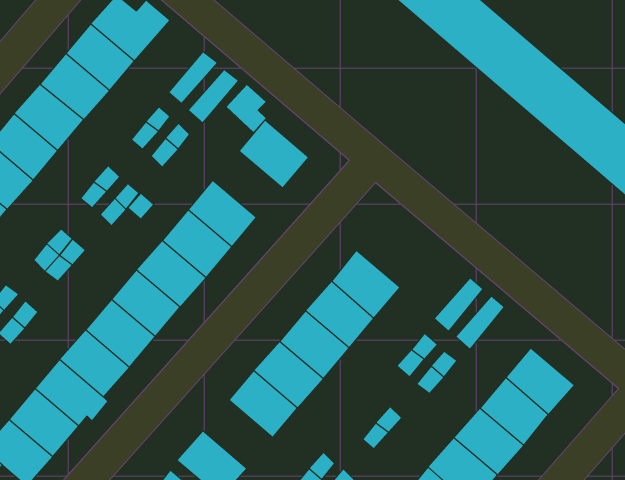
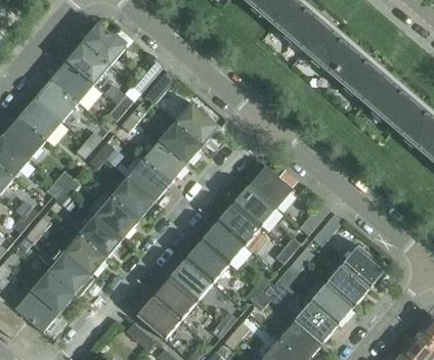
building: none -> [159,122,203,164]
building: none -> [249,166,293,208]
building: none -> [153,278,197,321]

